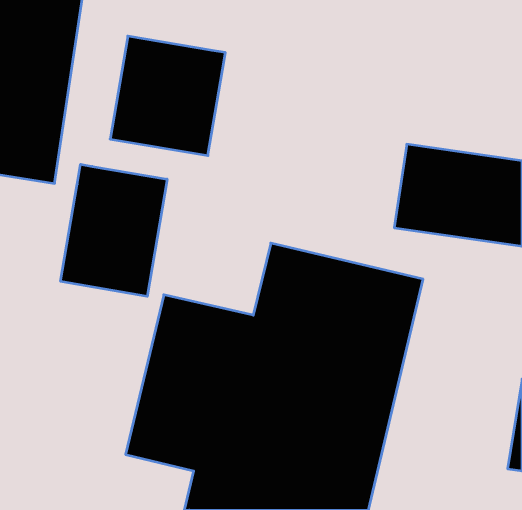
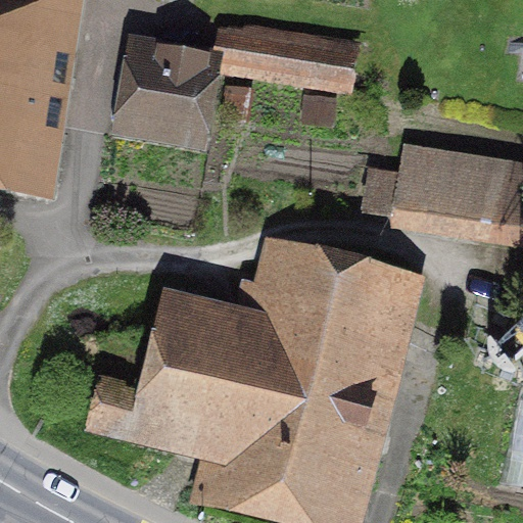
building: none -> [210,20,356,92]
building: [61,164,167,296] -> none

